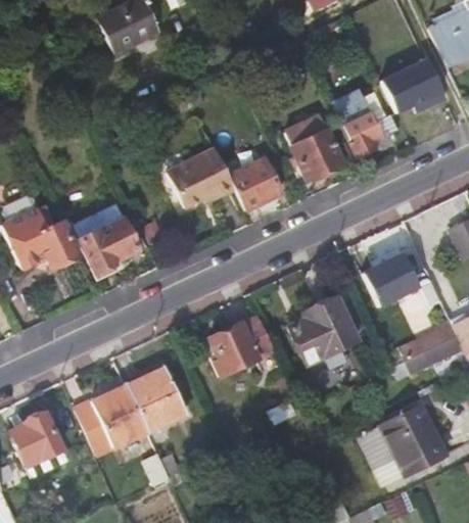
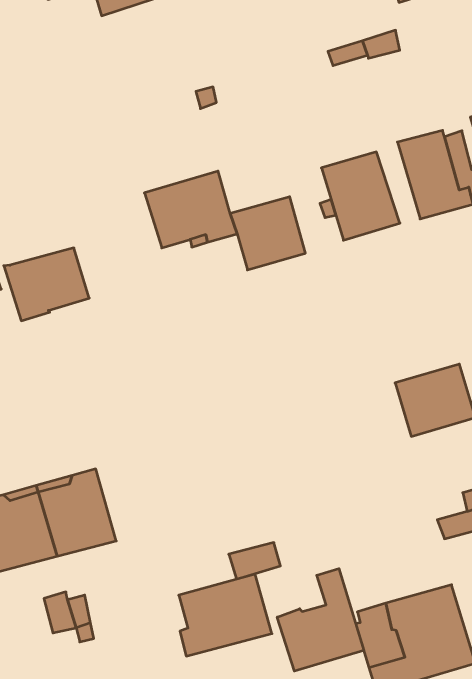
building: [288,295,358,365] -> none
building: [206,314,275,378] -> [179,574,272,656]
building: none -> [277,569,364,671]

